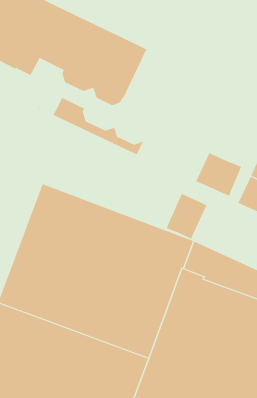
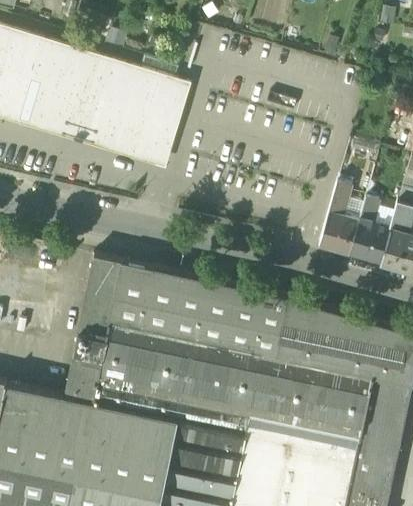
building: [37,97,146,155] -> [44,113,172,166]
building: [196,152,242,197] -> none
building: [166,193,207,240] -> none

